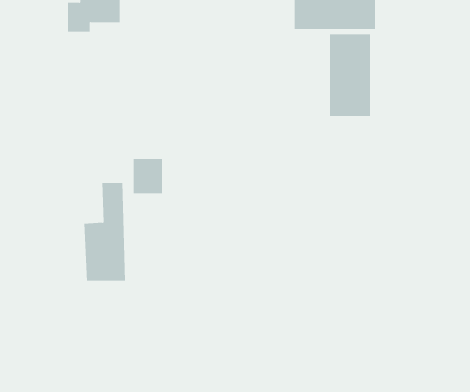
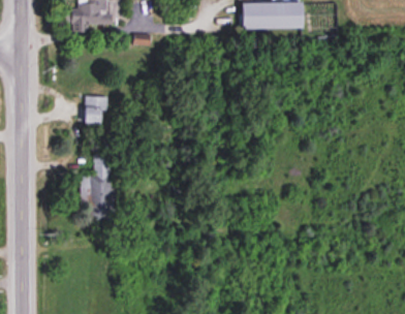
building: [329,34,371,117] -> none
building: [133,158,163,194] -> [85,96,107,123]

